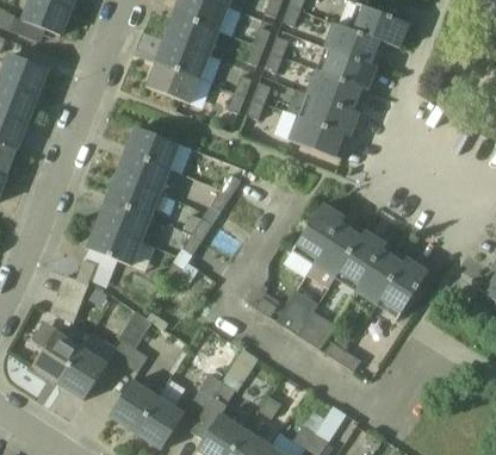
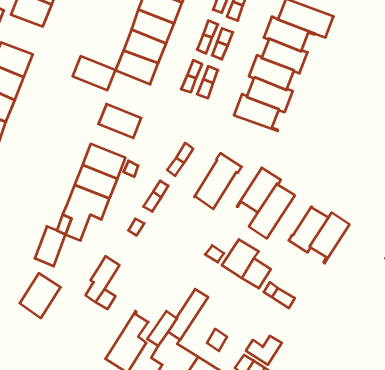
building: [117,150,168,191] -> [73,56,115,90]
building: none -> [194,153,242,209]
building: [339,229,386,283] -> none
building: [57,345,107,399] -> none
building: [108,379,157,431] -> none

